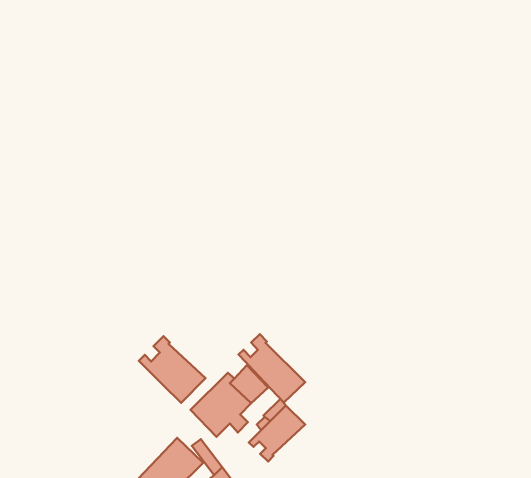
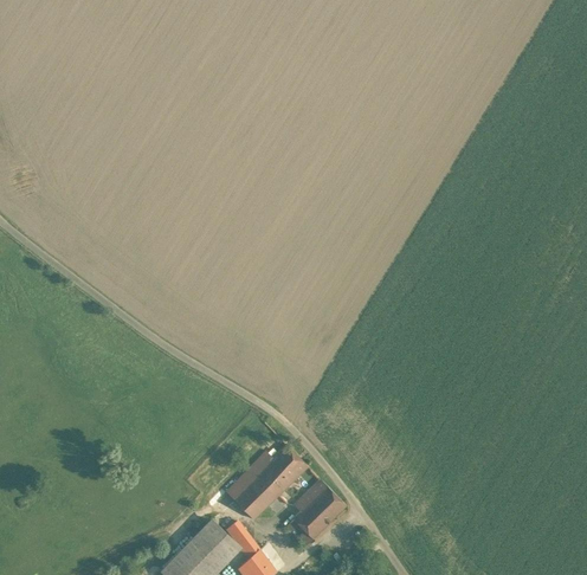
building: [238,334,305,402] -> none
building: [139,336,206,403] -> none

